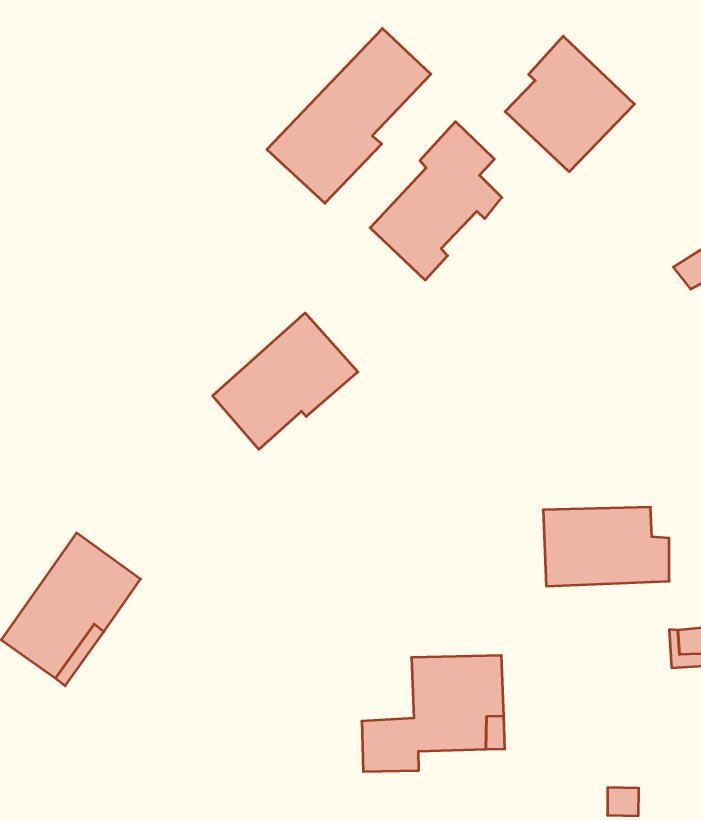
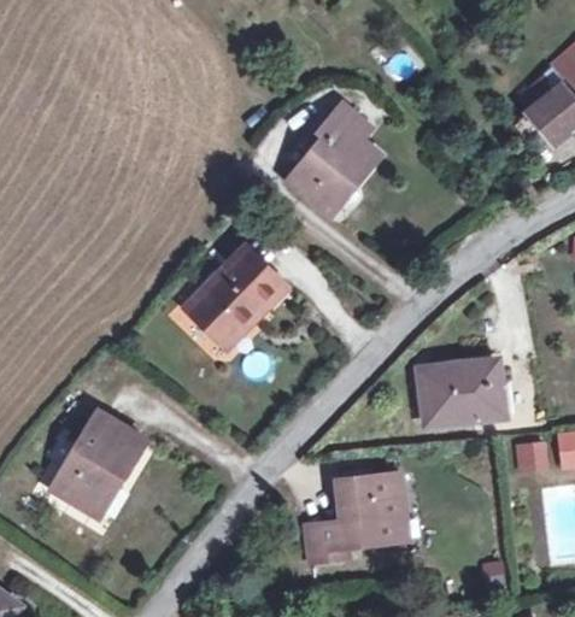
building: [267,28,431,203] -> none
building: [505,36,635,172] -> none

